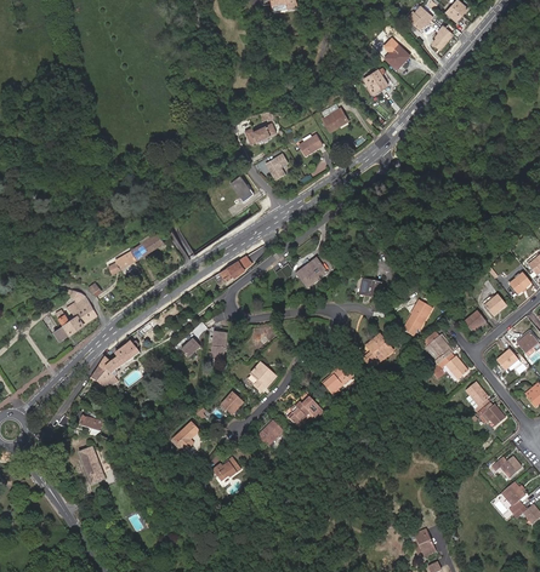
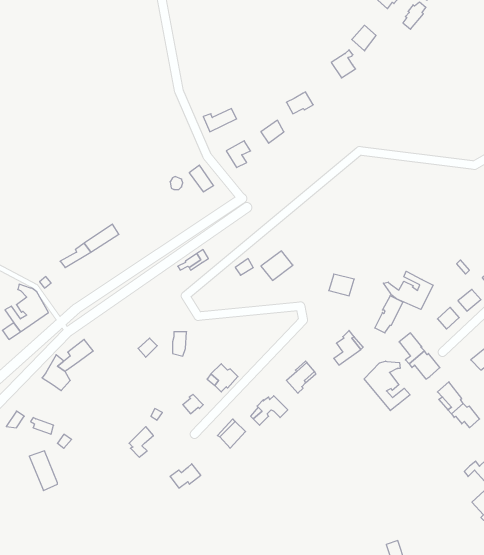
building: none -> [383,271,433,309]
building: none -> [364,361,410,411]

